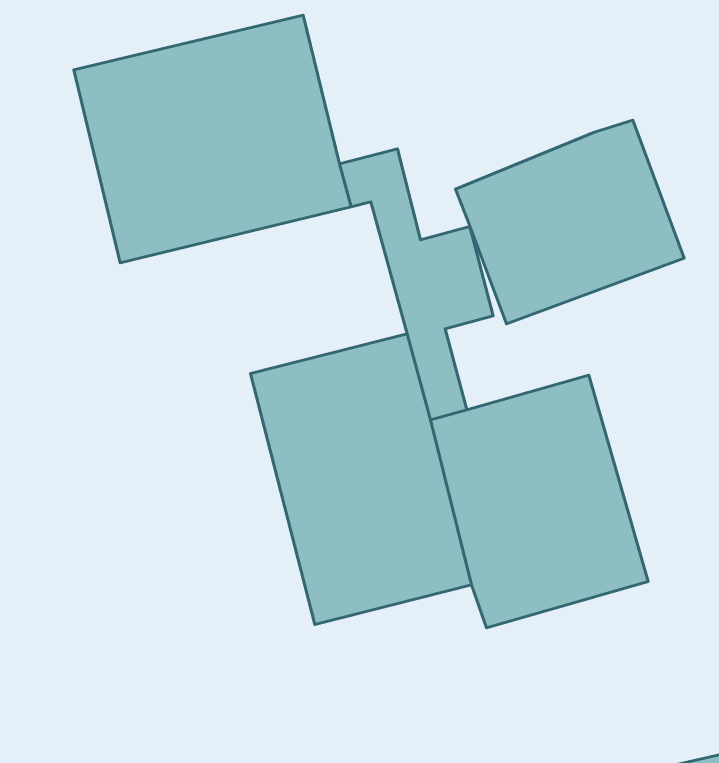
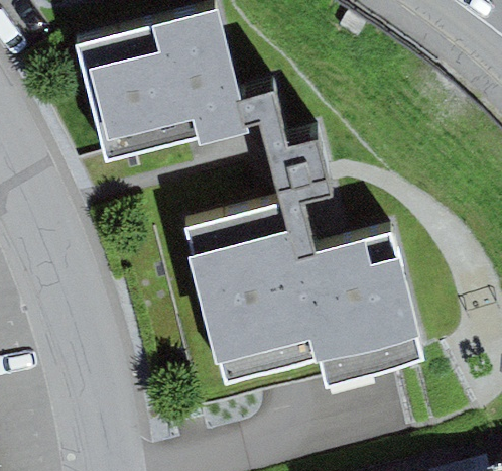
building: [456,120,684,324] -> none

